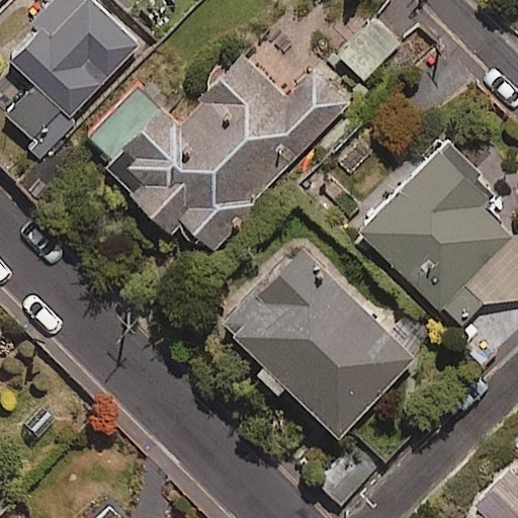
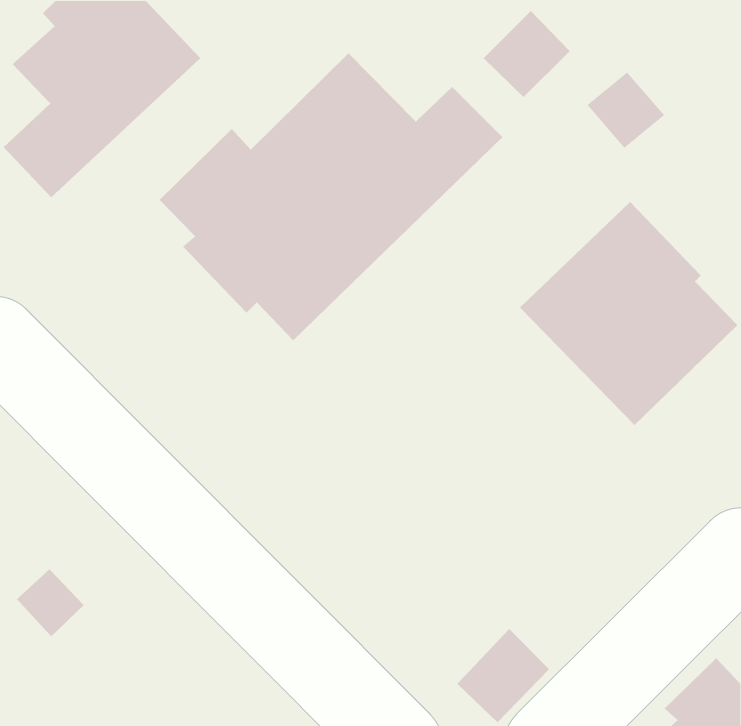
building: [228,248,413,434] -> none

